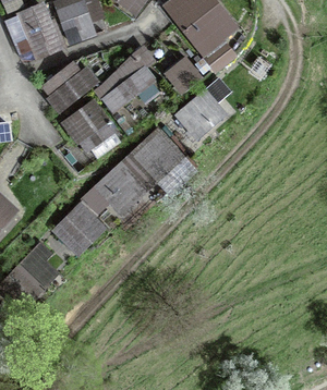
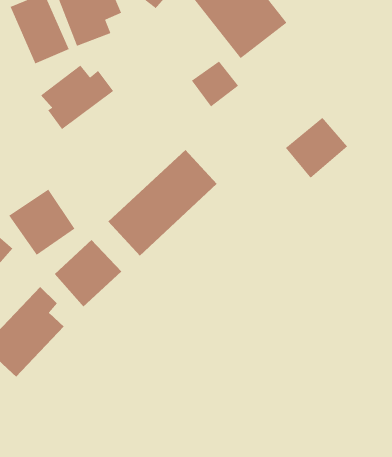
building: [95,45,156,112] -> none
building: [175,90,227,141] -> [285,117,348,179]
building: [61,99,116,154] -> [8,189,75,256]

